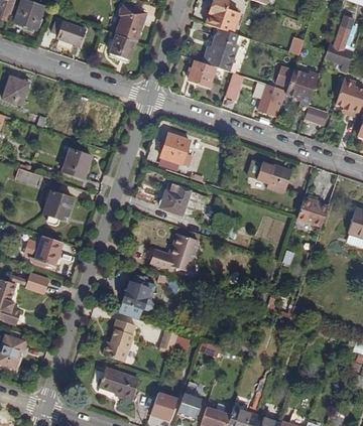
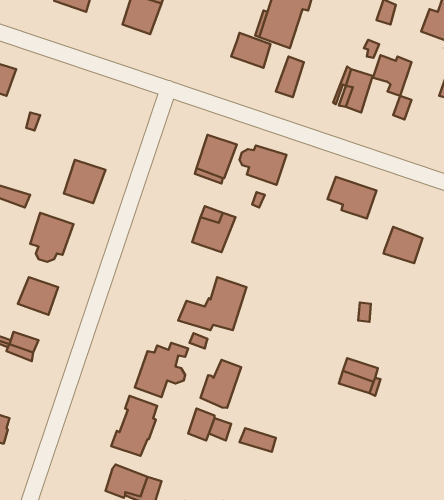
building: none -> [239,146,286,185]
building: none -> [200,360,241,408]

